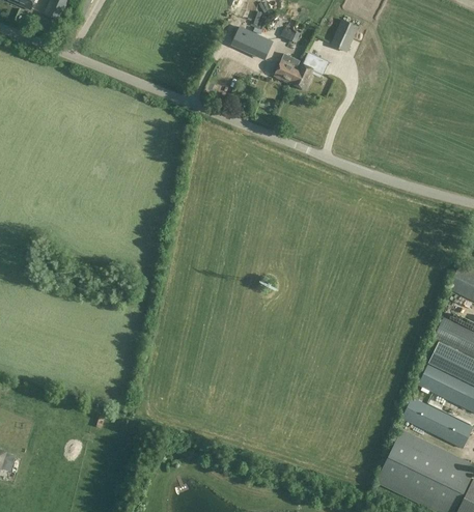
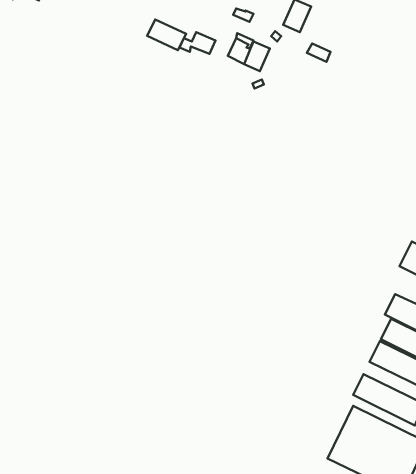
building: [235,29,275,60] -> [147,19,186,50]

